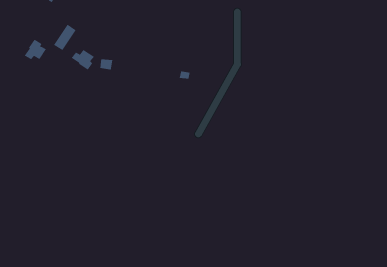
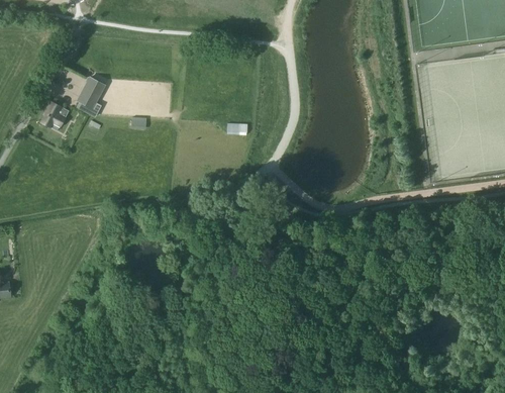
building: [71,49,95,71] -> none

